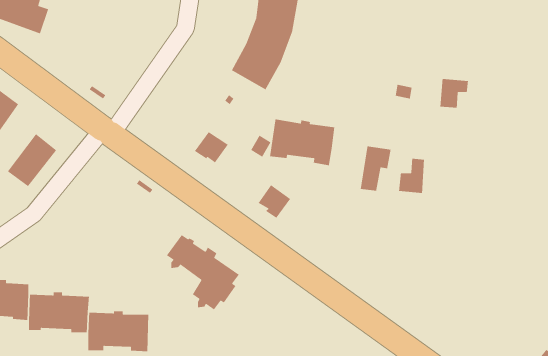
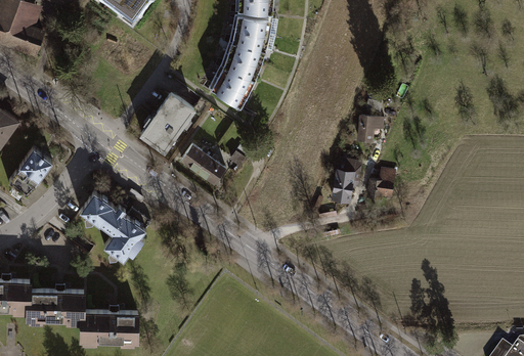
building: none -> [139,91,196,153]
building: [440,78,469,108] -> [353,116,380,143]
building: [269,119,335,166] -> none
building: [257,184,291,219] -> [199,154,229,186]
building: [166,234,240,310] -> [81,189,148,259]

